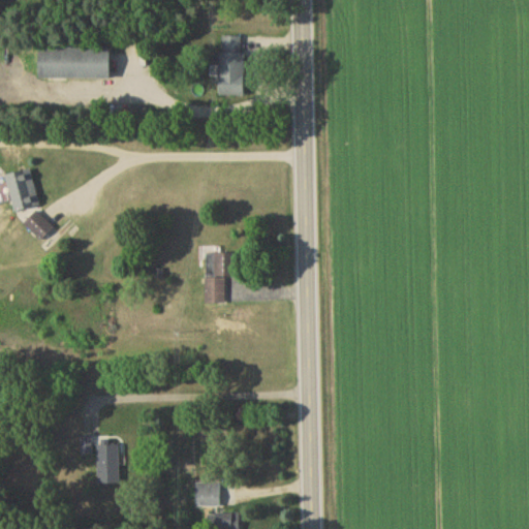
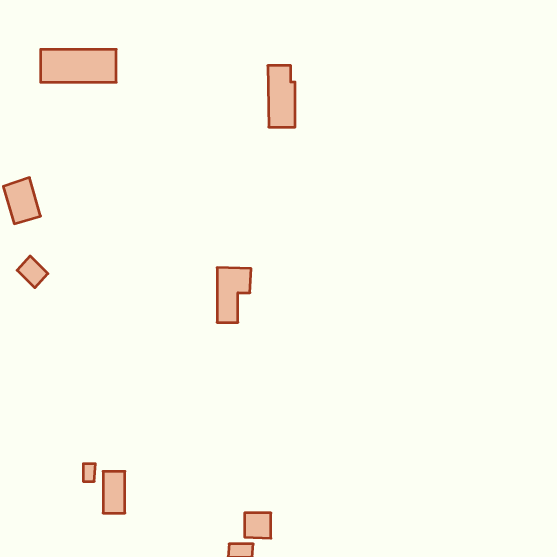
building: [218,36,244,94] -> [268,66,295,127]
building: [24,211,53,241] -> [17,256,48,288]
building: [194,483,219,506] -> [245,513,271,538]

